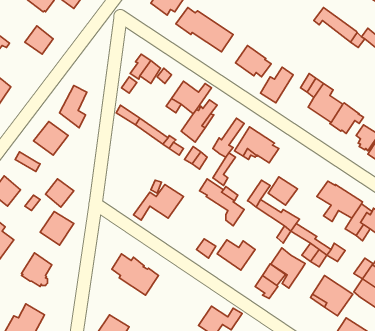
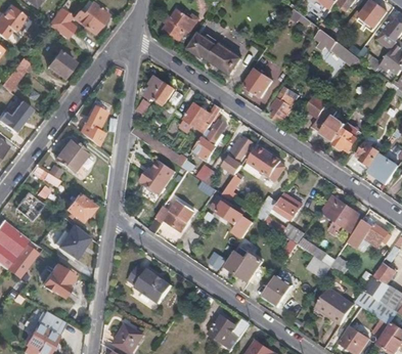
building: none -> [140,160,176,194]
building: [271,248,305,288] -> none

